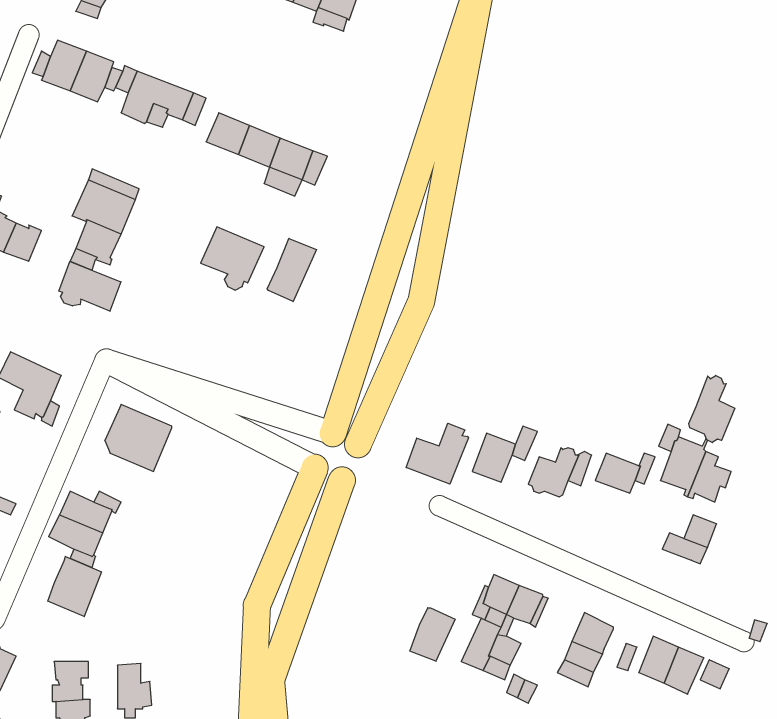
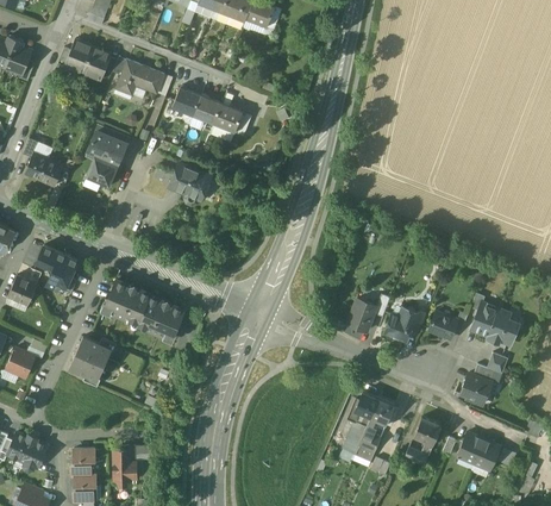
building: [267,238,316,302] -> none
building: [59,262,121,311] -> none
building: [689,375,735,443] -> none
building: [406,423,468,484] -> none
building: none -> [137,295,184,337]
building: none -> [461,374,491,405]
building: [48,556,102,617] -> none
building: [410,608,455,661] -> none

